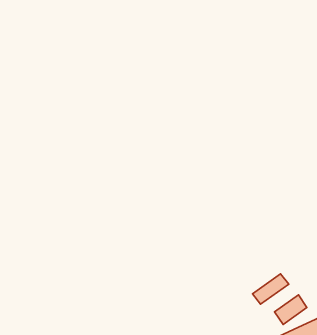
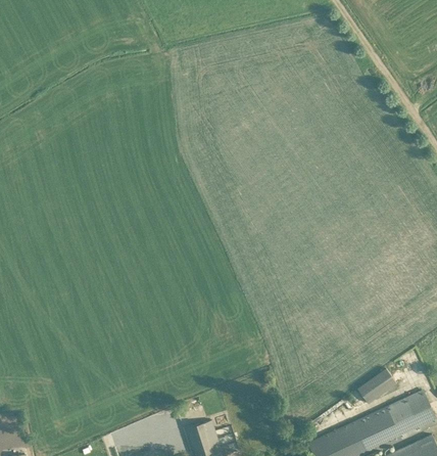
building: [252,274,289,304] -> none

